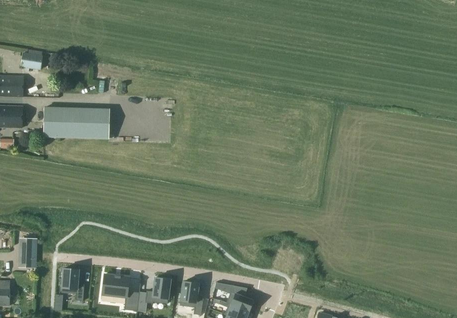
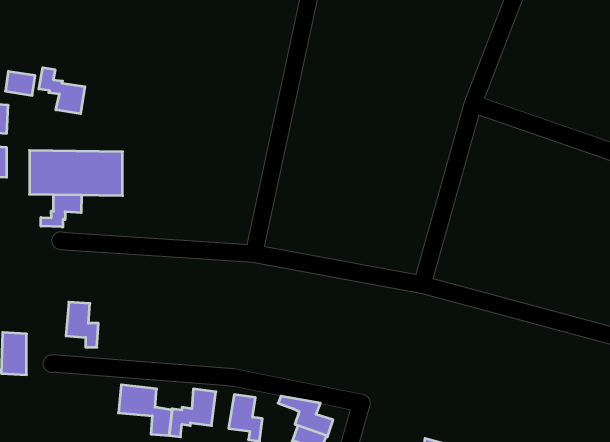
building: none -> [39,68,85,114]
building: none -> [41,195,82,227]
building: [61,268,84,300] -> [66,302,98,347]

